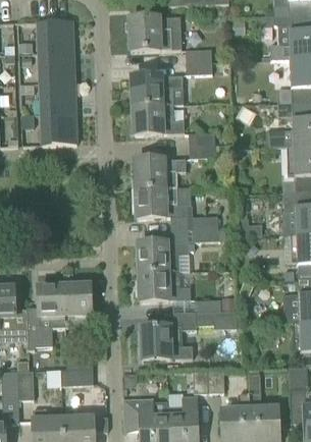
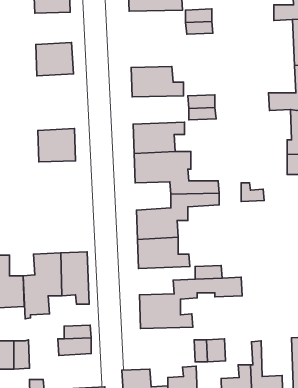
building: [38,51,73,82] -> none
building: [131,74,180,105] -> none
building: [40,111,76,144] -> [38,128,76,162]

